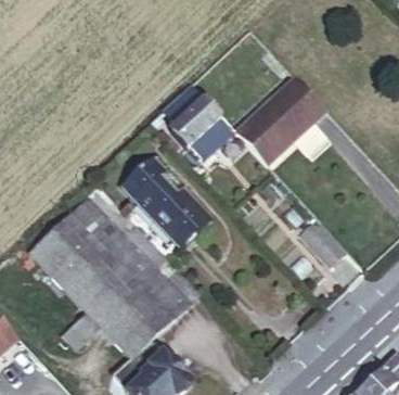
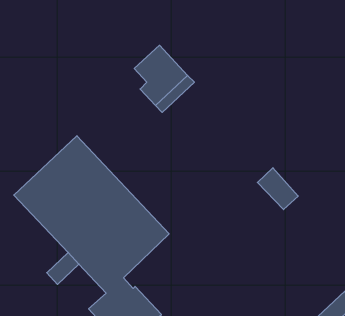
building: [234,75,324,163] -> none
building: [123,154,215,251] -> none

